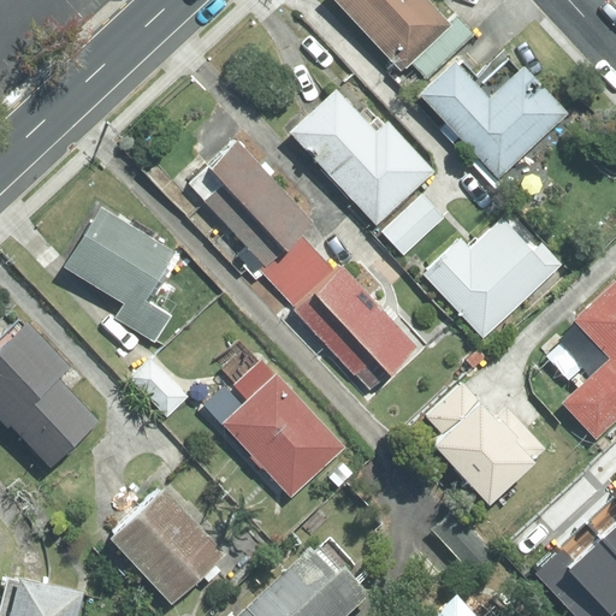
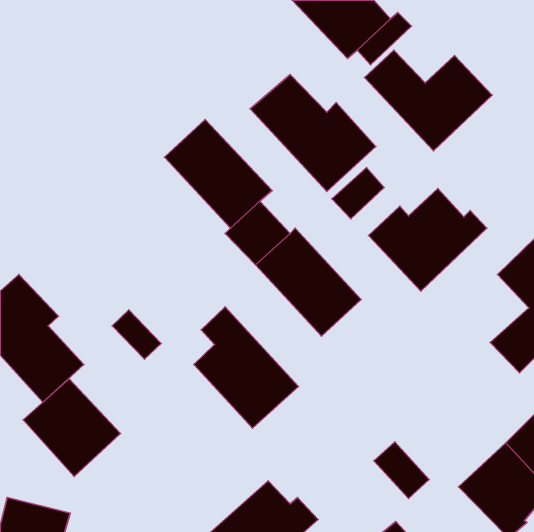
building: [65,208,174,342] -> none
building: [427,385,543,500] -> none
building: [112,491,224,603] -> [23,379,120,476]

